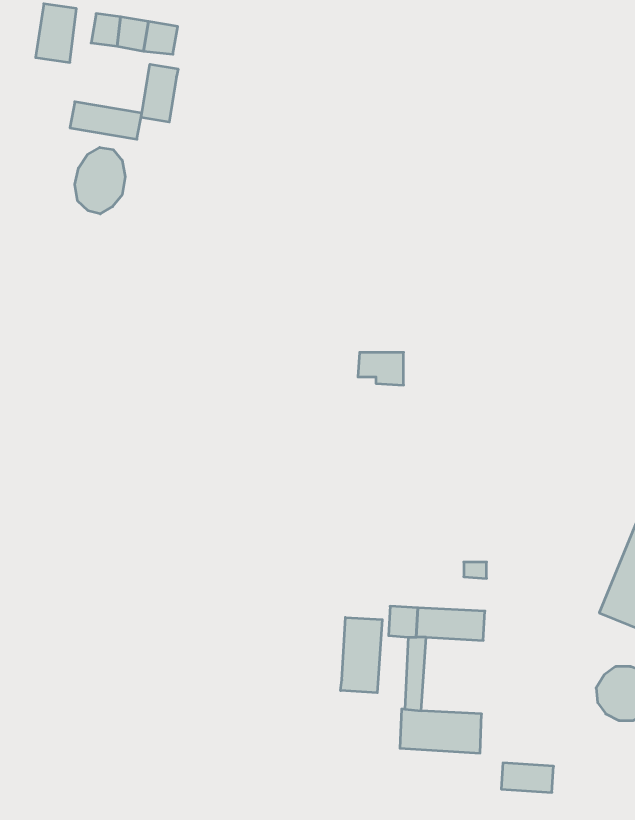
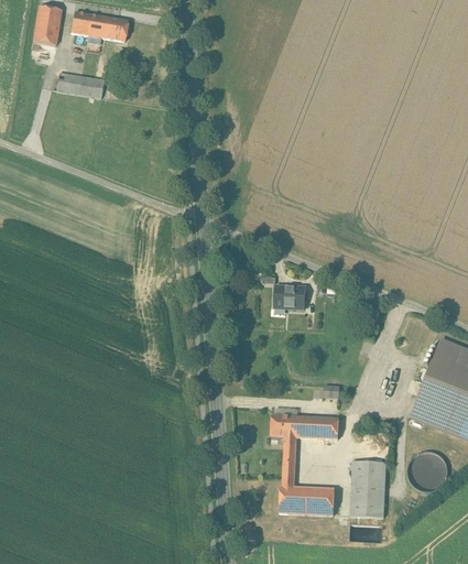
building: [141,64,178,122] -> none
building: [75,147,125,214] -> none
building: [358,352,404,385] -> [271,283,302,305]
building: [341,617,382,693] -> none
building: none -> [349,457,384,513]

